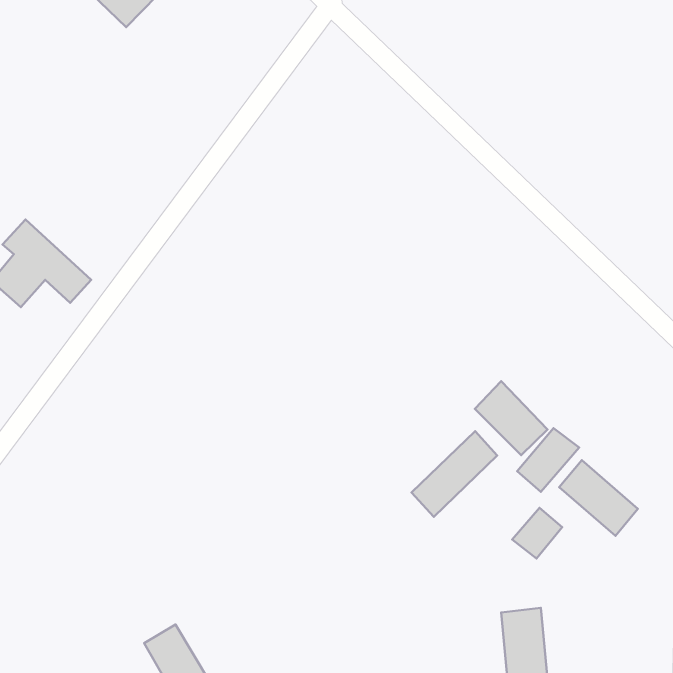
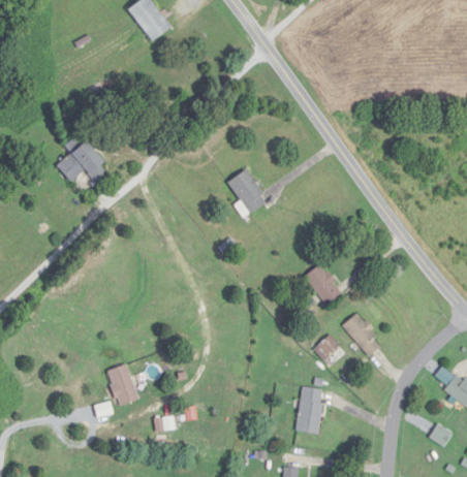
building: none -> [227,169,268,214]
building: [517,428,579,492] -> none
building: [412,431,497,517] -> none

